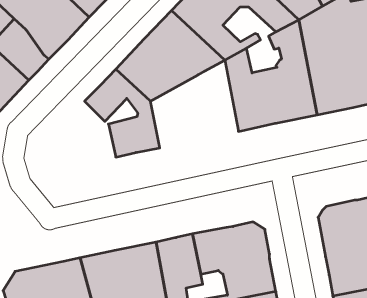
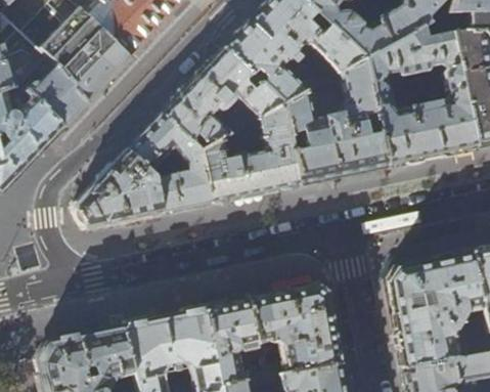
building: none -> [199,104,298,203]
building: none -> [72,150,161,229]

